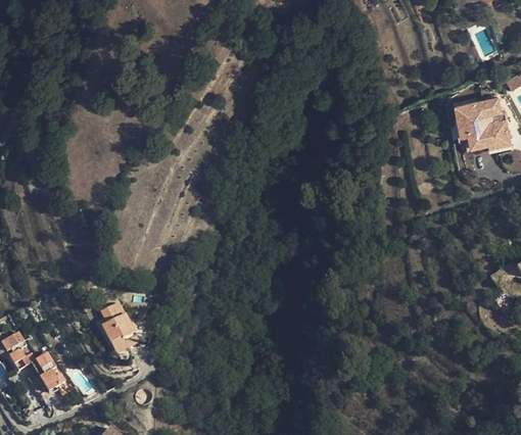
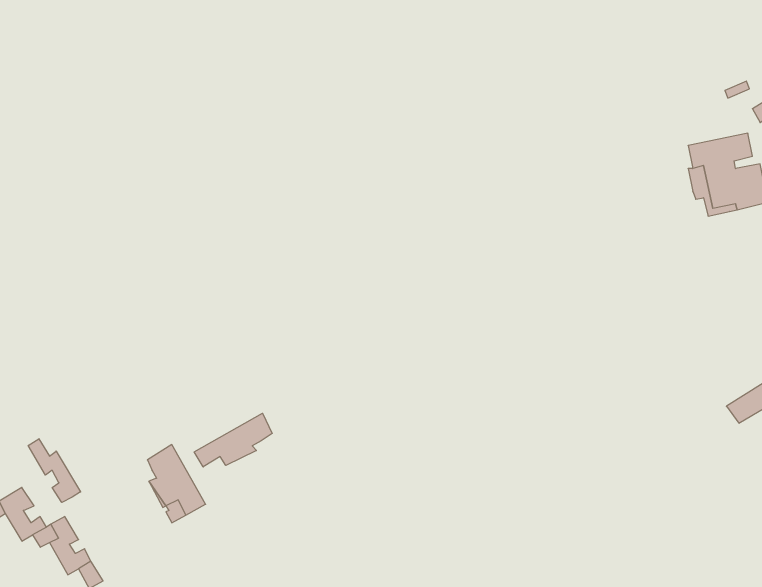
building: none -> [194,413,272,467]
building: none -> [28,439,81,502]

